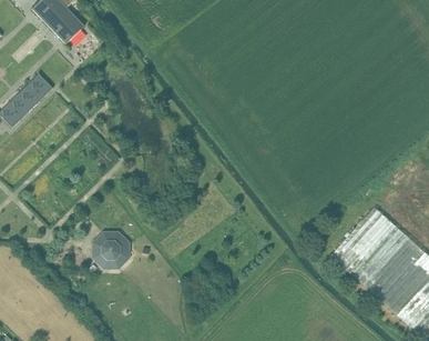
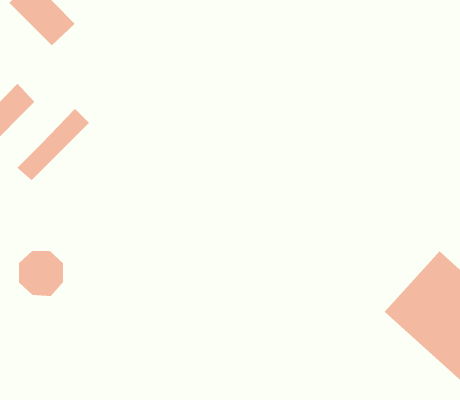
building: none -> [16,108,90,181]
building: [92,232,129,269] -> [18,251,64,296]

